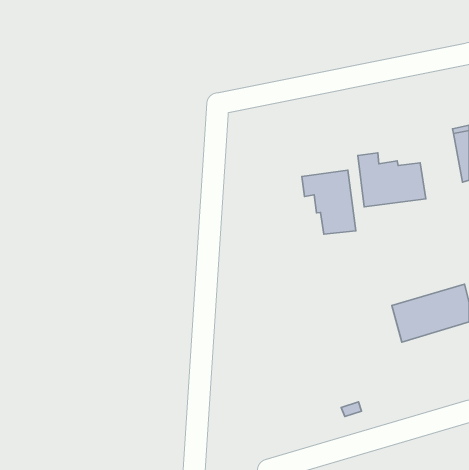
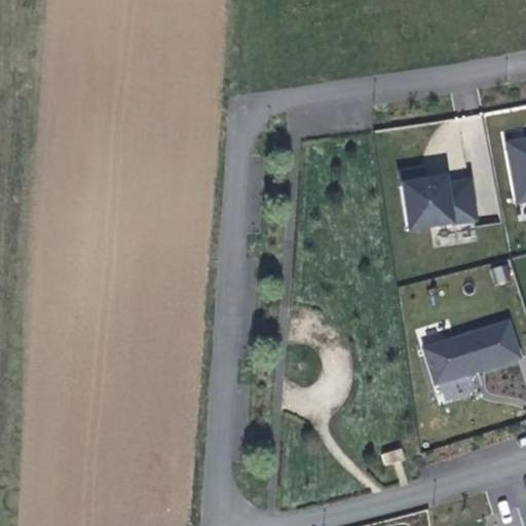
building: [302,170,356,234] -> none

